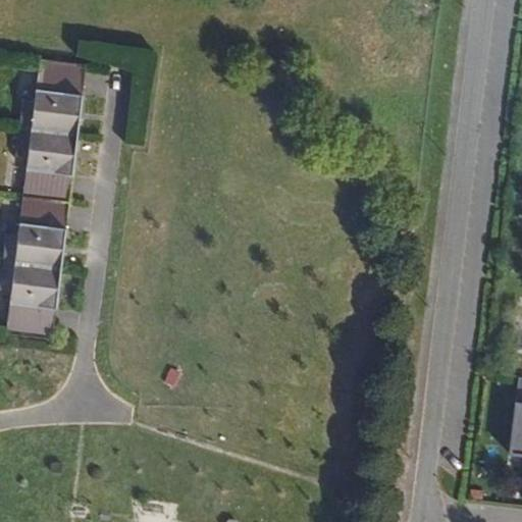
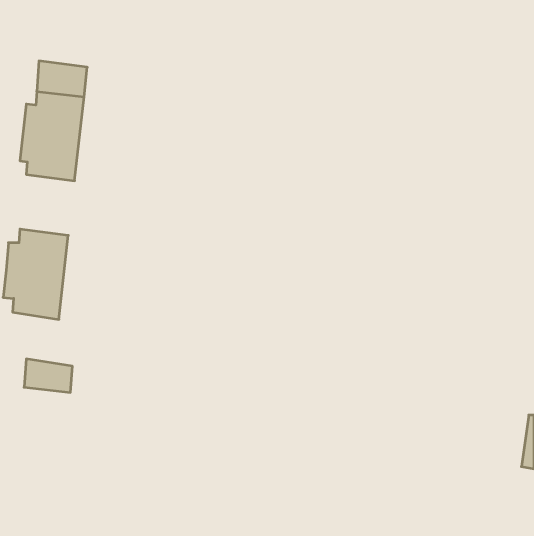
building: [19,169,72,228] -> none
building: [10,303,57,335] -> [24,359,72,392]

